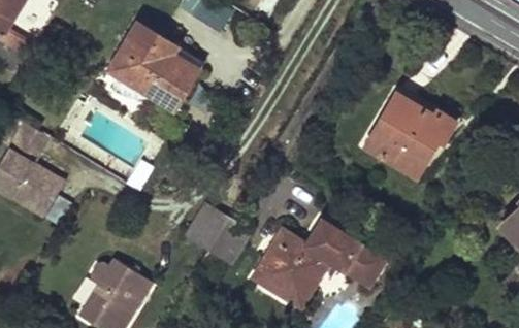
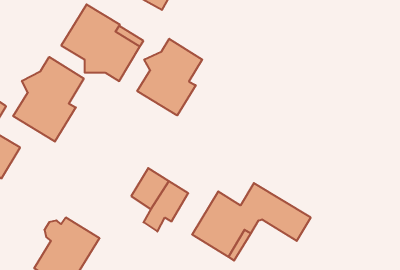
building: none -> [137,39,202,115]
building: none -> [13,57,84,142]
building: [366,93,456,176] -> none

